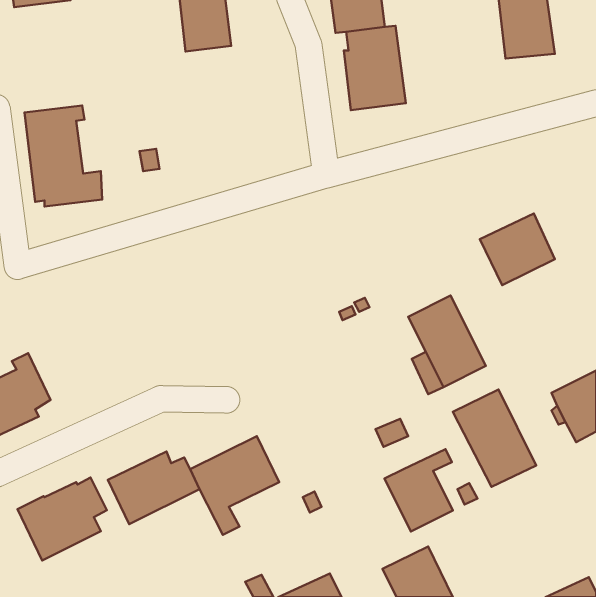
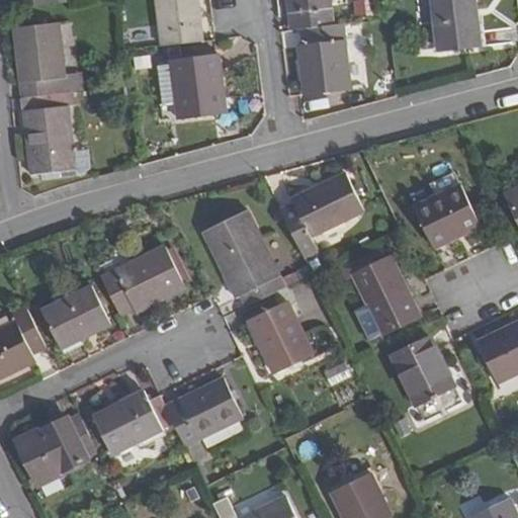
building: none -> [13,22,82,97]
building: none -> [156,54,224,117]
building: none -> [279,173,362,256]
building: none -> [203,209,284,306]
building: none -> [101,244,184,315]
building: none -> [40,283,109,347]
building: none -> [249,301,312,370]
building: [385,449,453,531] -> none

